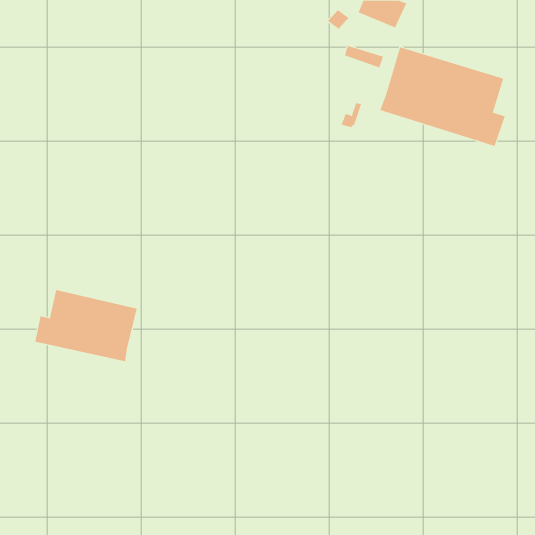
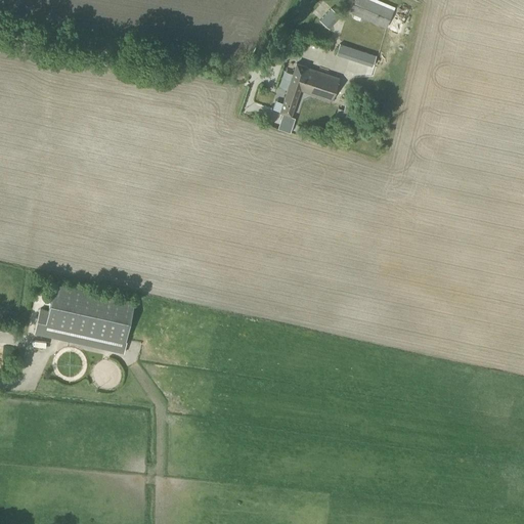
building: [379,47,505,147] -> none
building: none -> [271,64,341,118]

